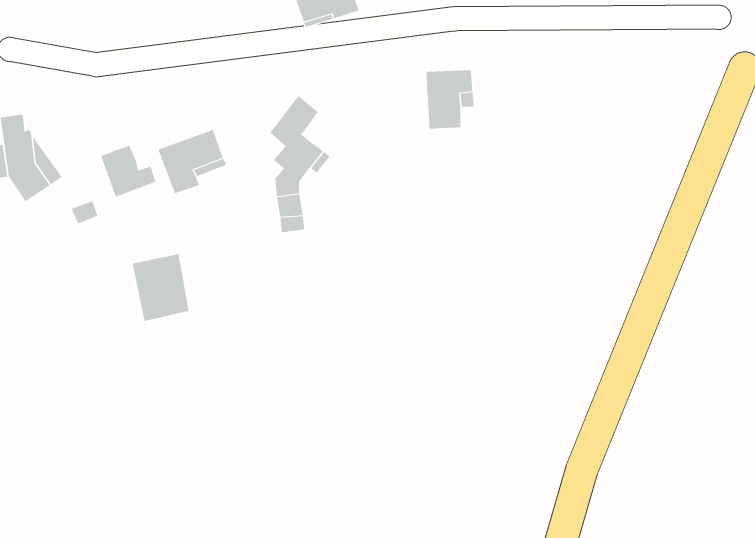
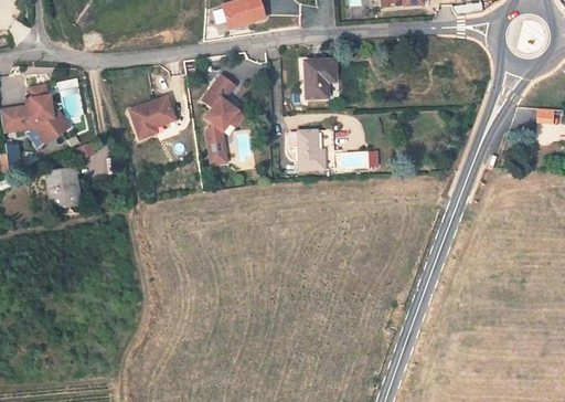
building: [100,145,156,198] -> none
building: none -> [295,127,332,168]
building: [132,253,189,321] -> [42,167,79,211]

